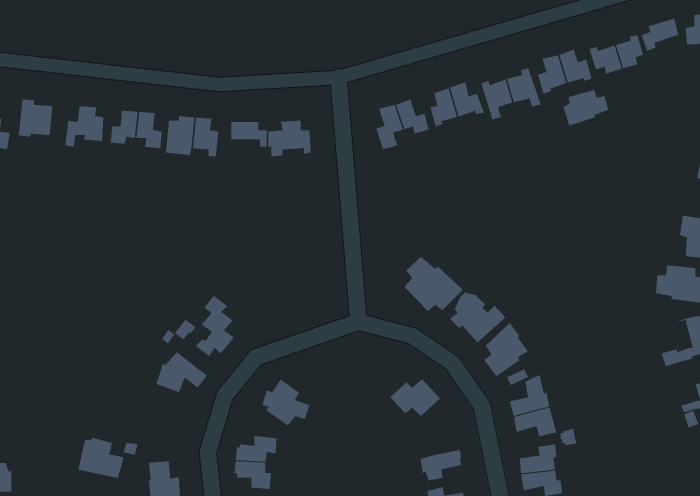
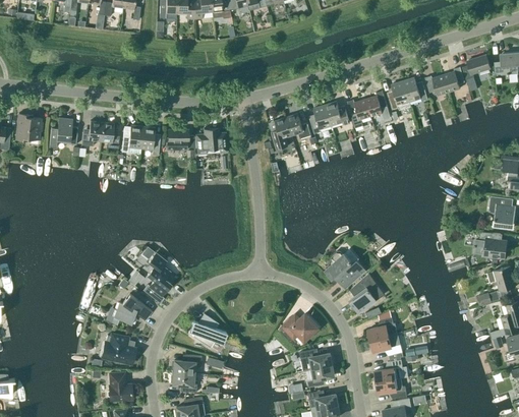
building: [563,89,609,126] -> none
building: [404,256,463,312] -> none
building: none -> [300,349,333,370]
building: [77,437,124,478] -> [102,334,135,363]

